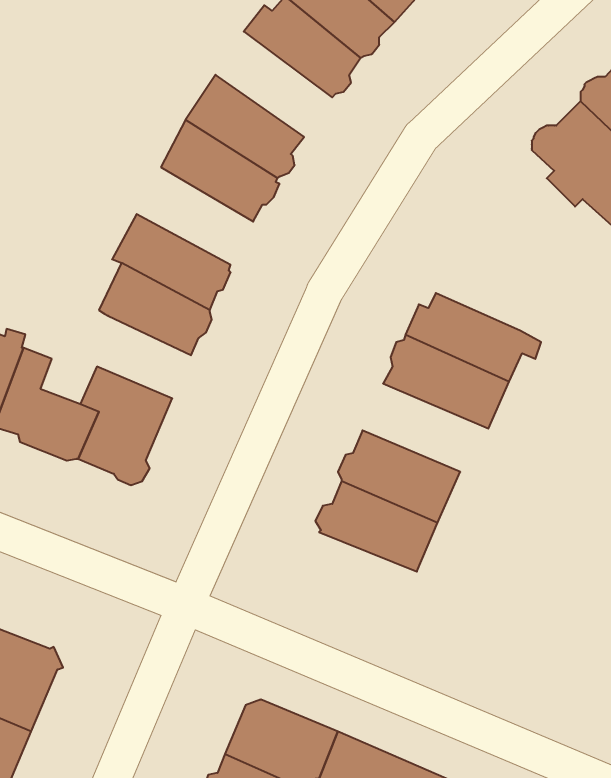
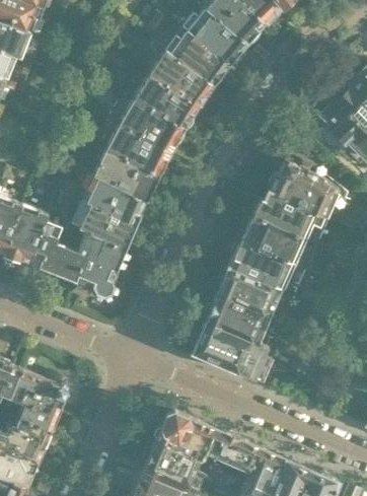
building: none -> [150,52,213,109]
building: none -> [107,125,170,178]
building: none -> [268,161,339,219]
building: none -> [79,204,137,250]
building: none -> [229,241,297,291]
building: none -> [192,322,271,383]

